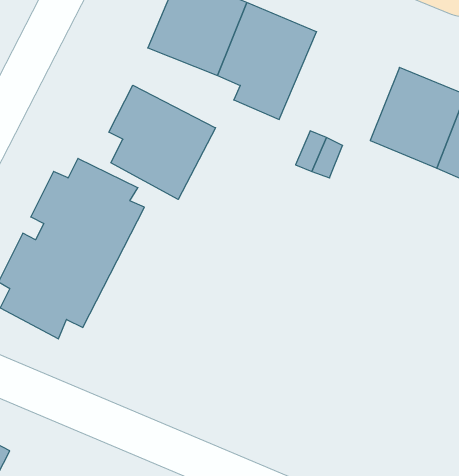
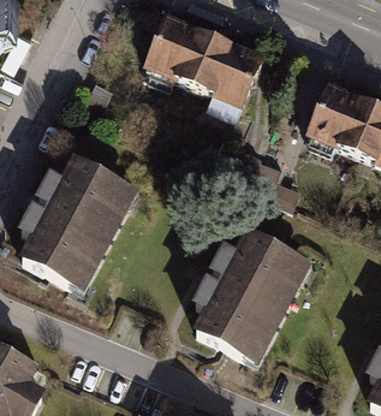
building: [109,85,216,199] -> none
building: none -> [202,232,310,366]

